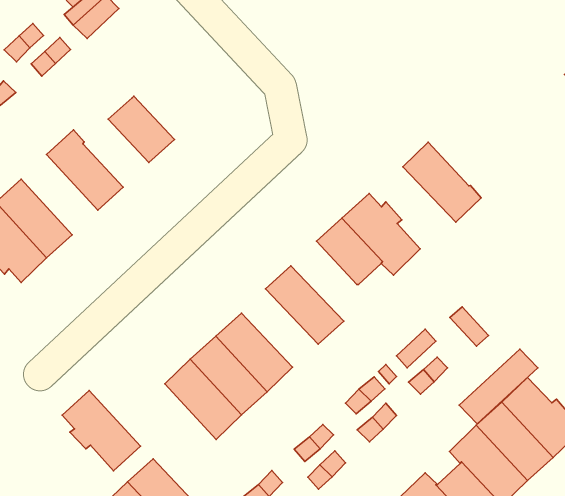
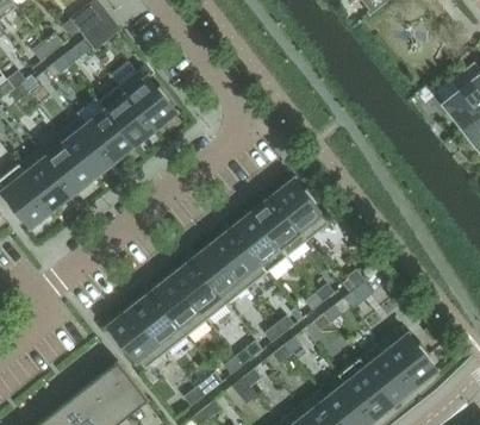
building: none -> [117,69,174,130]
building: none -> [85,111,132,162]
building: [403,142,481,222] -> [231,213,287,274]
building: none -> [37,133,92,194]
building: none -> [192,245,247,305]
building: [459,349,538,424] -> none
building: [62,390,140,471] -> [110,310,166,370]

